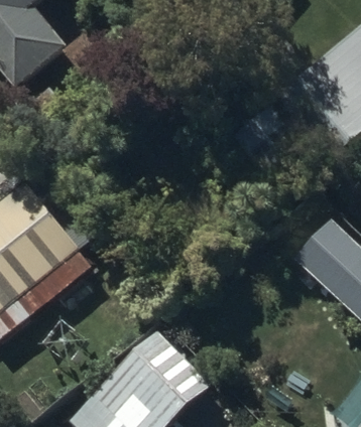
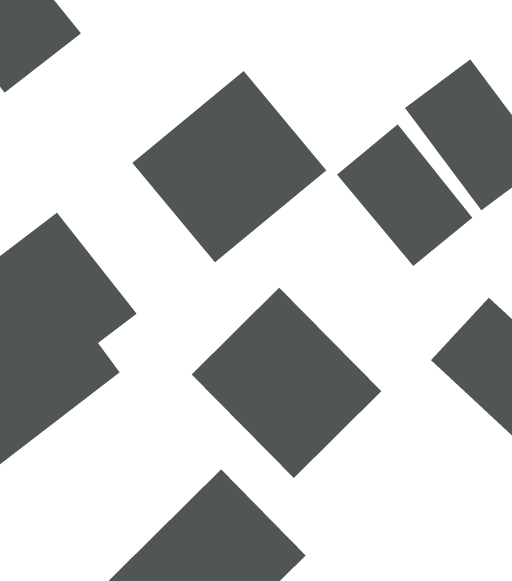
building: none -> [131,70,327,264]
building: none -> [191,287,382,479]

